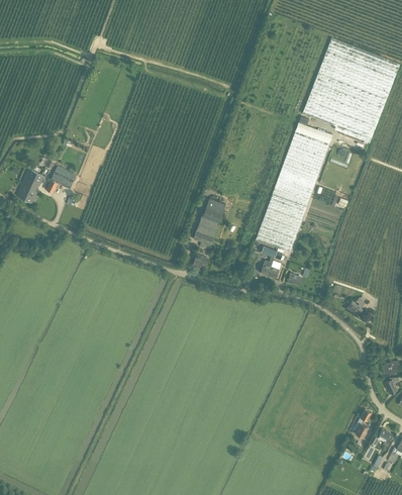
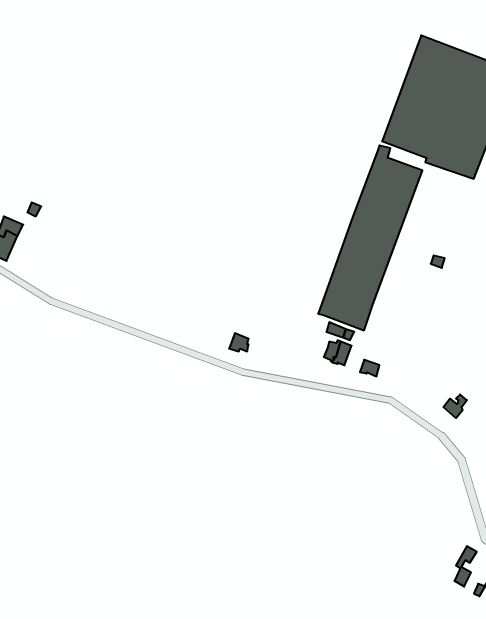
building: [45,167,75,193] -> none
building: [192,199,224,249] -> none

